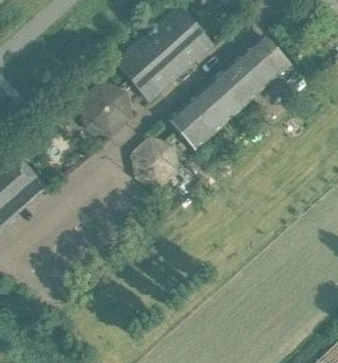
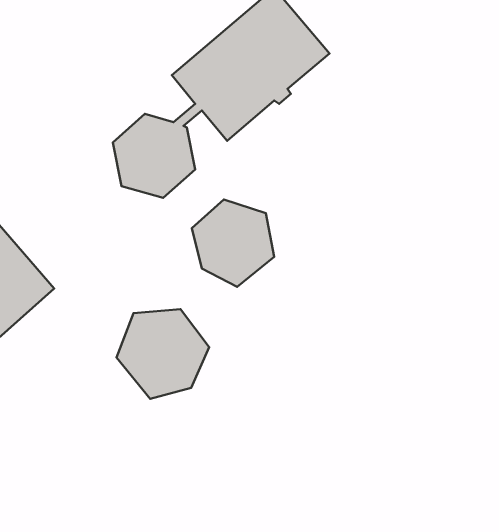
building: [167,34,290,150] -> none
building: none -> [117,309,209,399]

